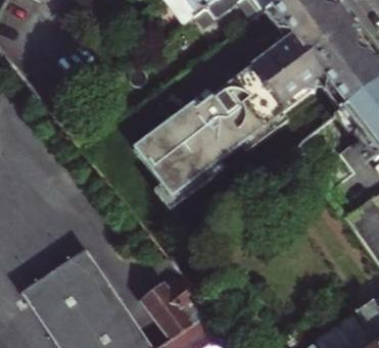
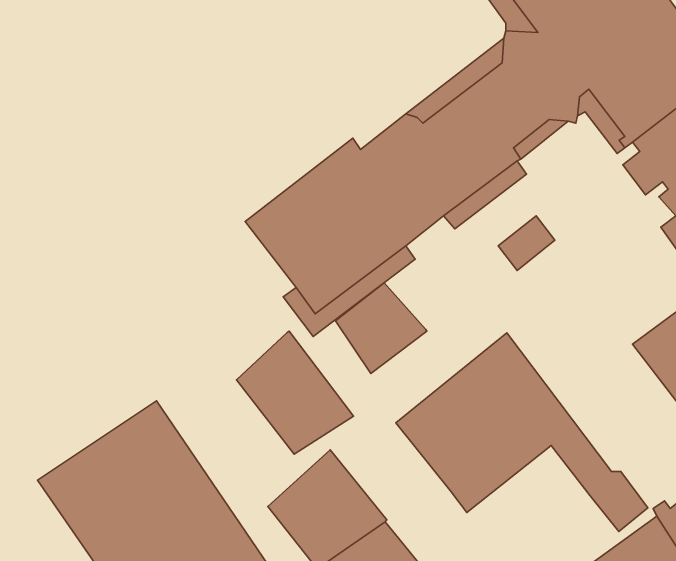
building: none -> [336,283,427,373]
building: none -> [237,331,354,454]
building: none -> [396,333,648,532]

